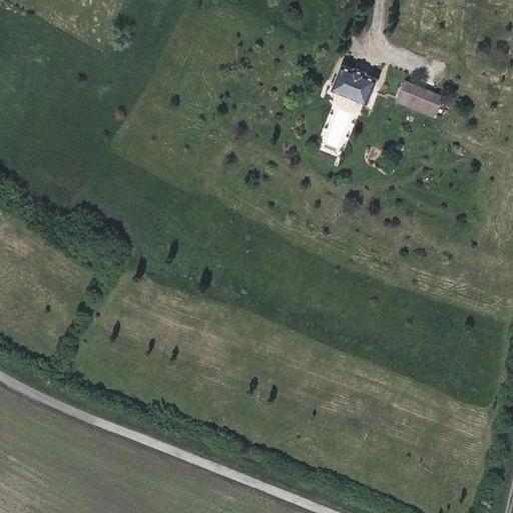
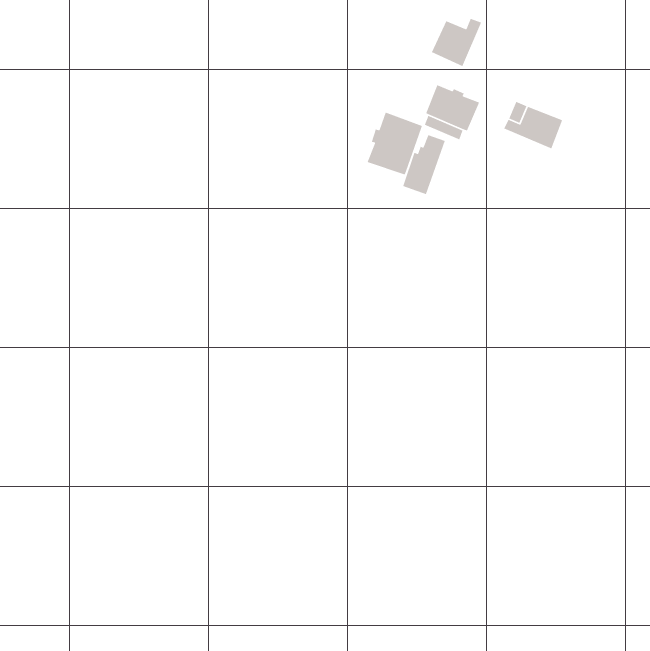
building: none -> [431,18,482,67]
building: none -> [367,111,423,176]

